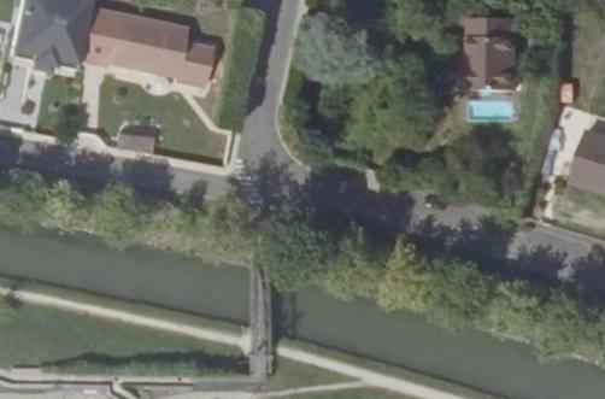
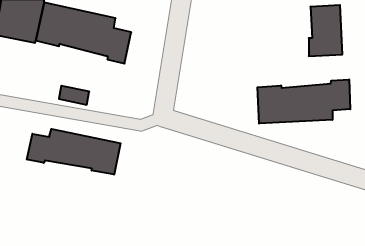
building: none -> [257,79,350,124]
building: none -> [27,129,121,175]

